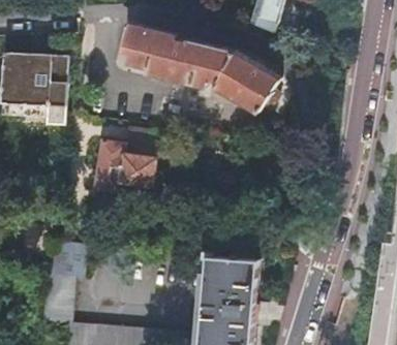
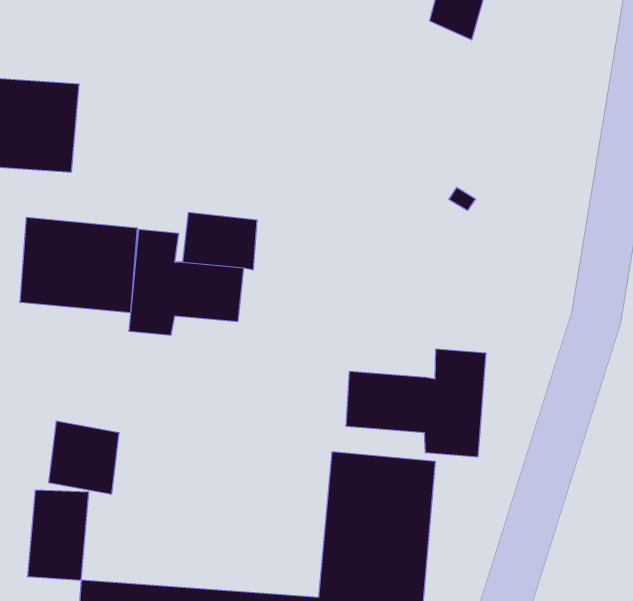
building: [122,26,291,114] -> none
building: none -> [20,217,137,313]
building: none -> [346,349,486,457]

